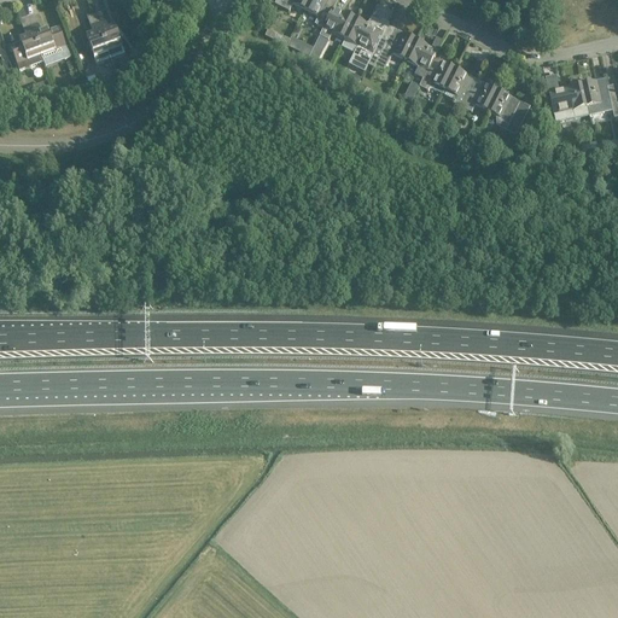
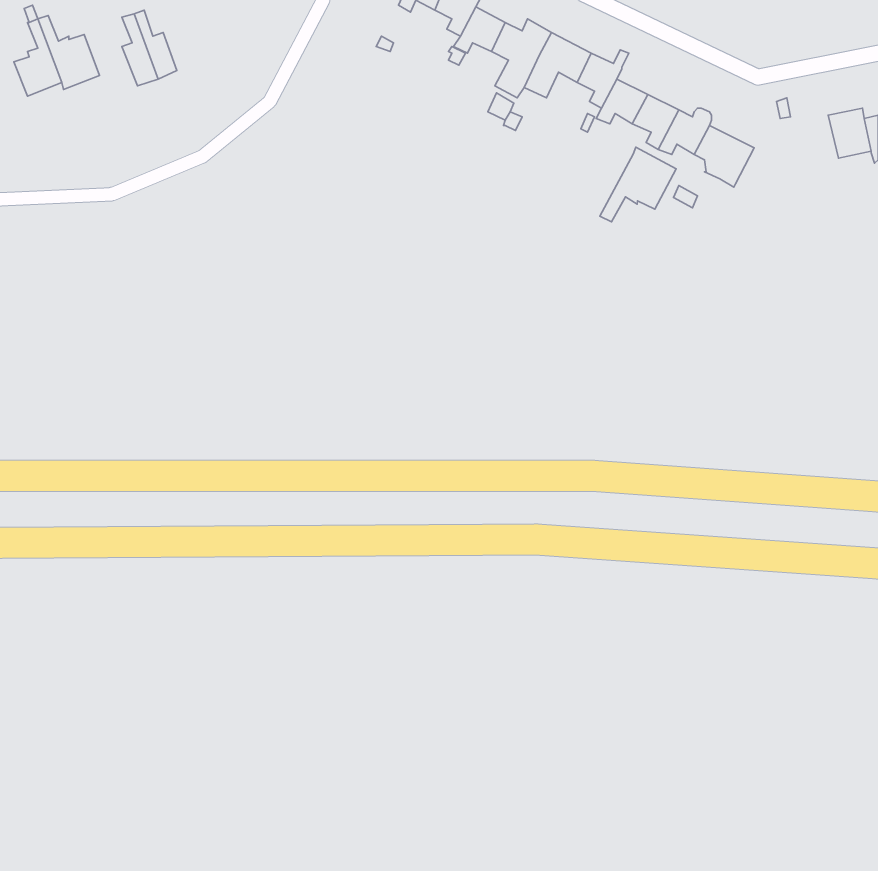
building: [549,81,589,119] -> none
building: none -> [600,147,676,222]

